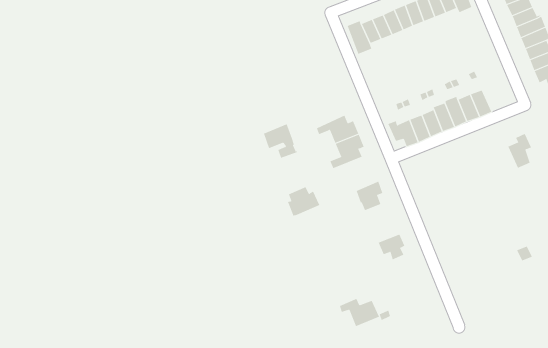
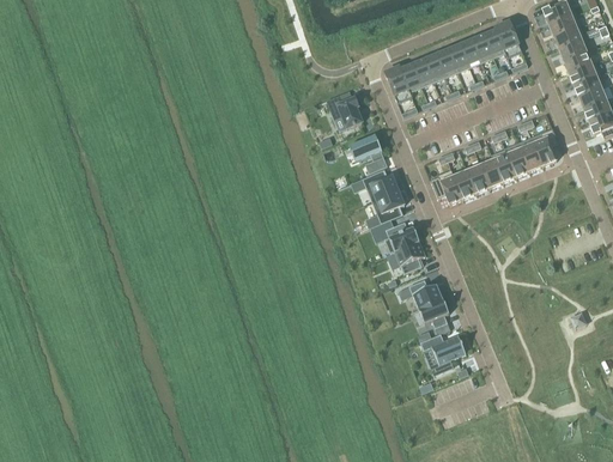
building: none -> [324,92,362,128]
building: [263,123,298,159] -> [347,134,386,172]
building: [508,133,532,168] -> [530,127,557,165]
building: [287,187,320,216] -> [382,220,418,253]
building: none -> [407,279,441,308]
building: [339,298,380,327] -> [419,333,463,364]

